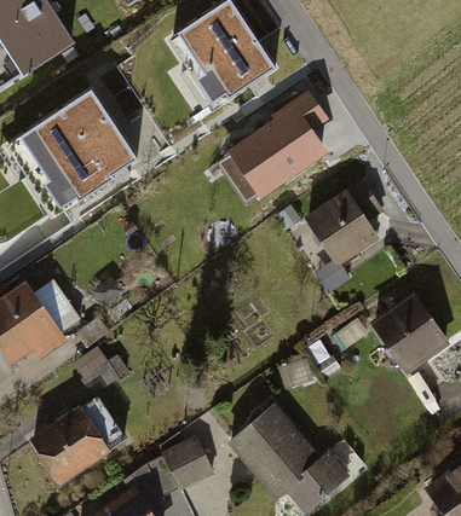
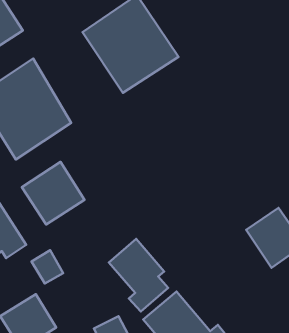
building: [229,81,332,197] -> none
building: [305,179,385,265] -> none
building: none -> [22,162,85,224]
building: none -> [109,239,168,311]

